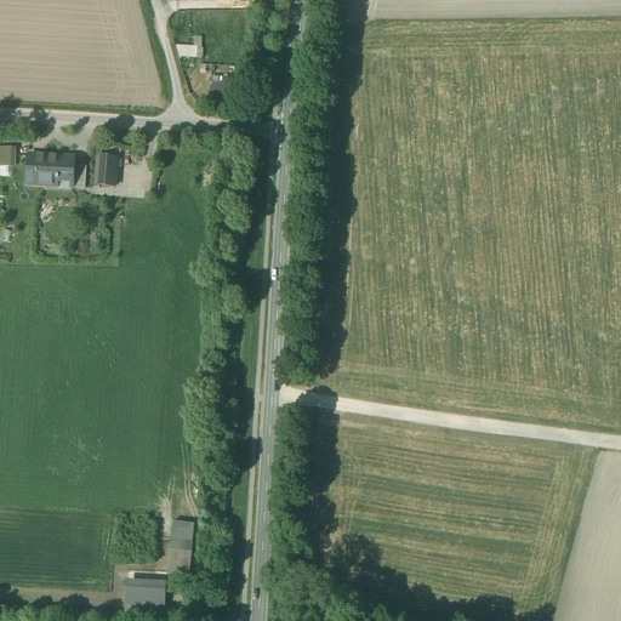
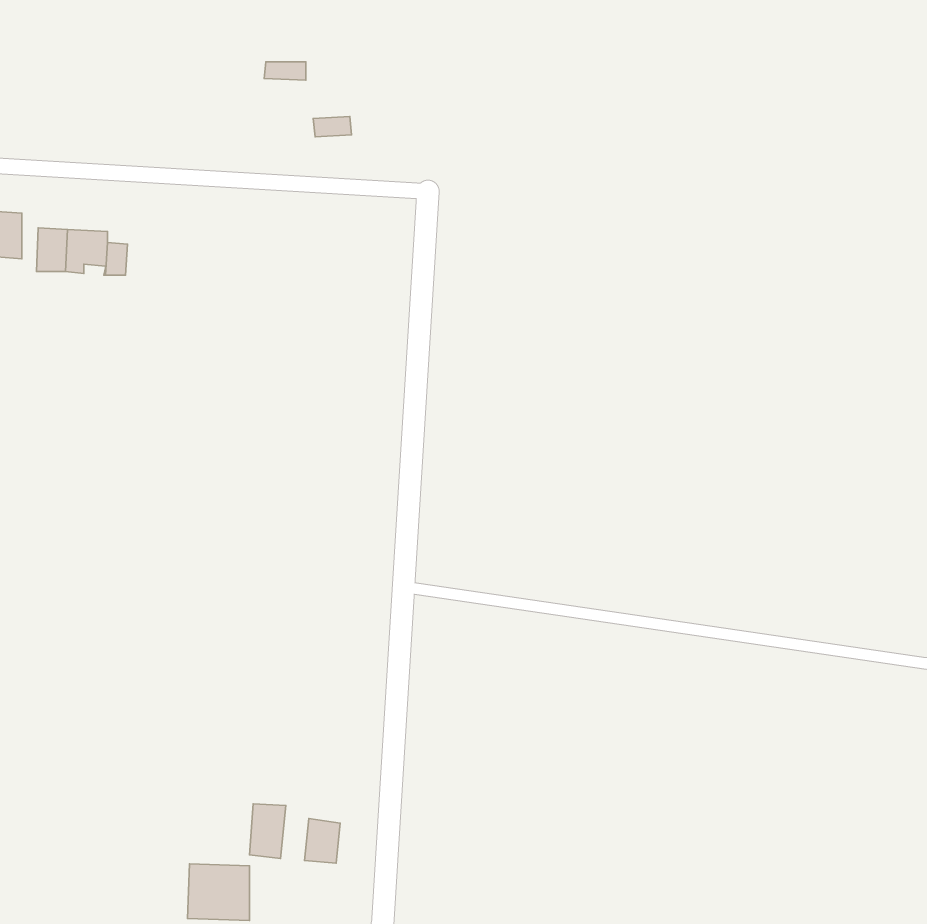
building: [93,152,115,182] -> none
building: none -> [304,819,340,863]

